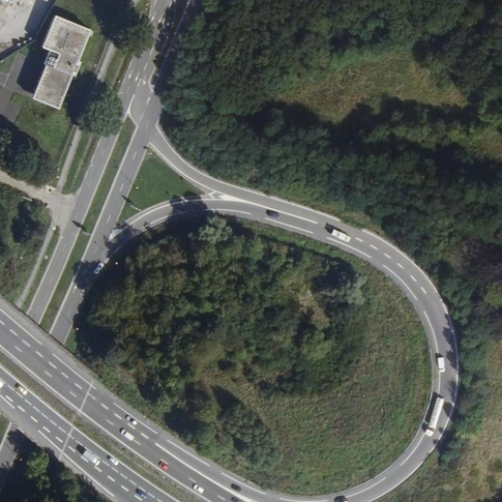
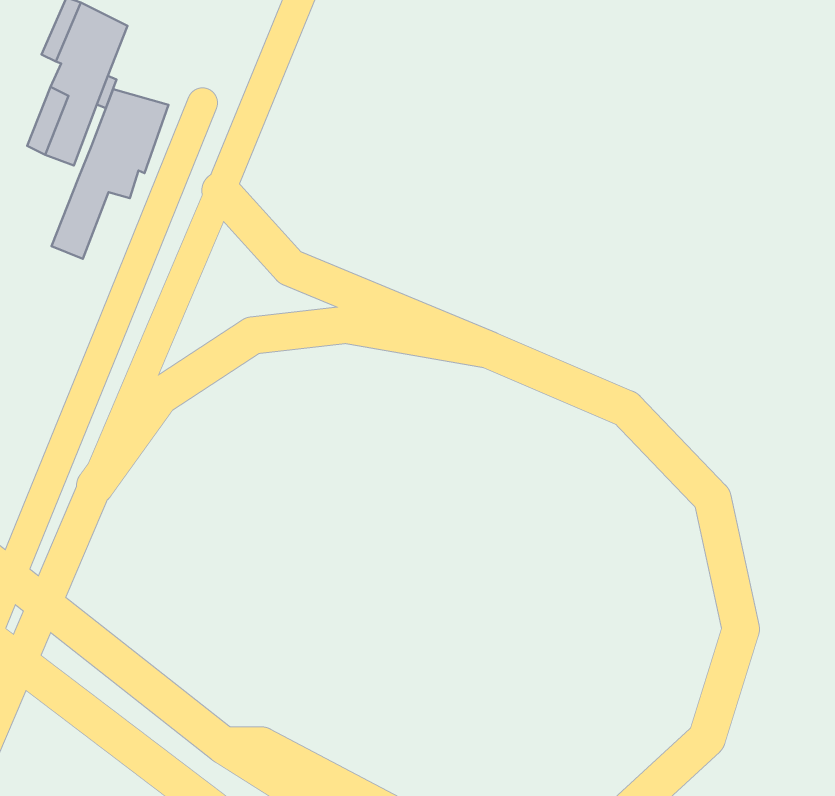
building: none -> [51,89,169,259]

